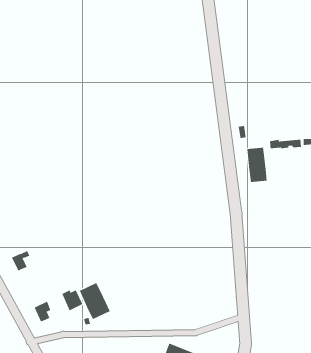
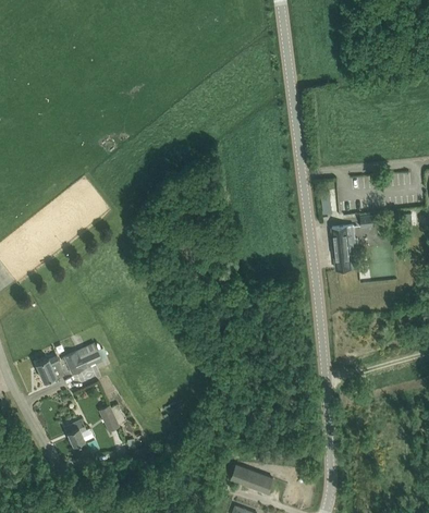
building: none -> [64,342,102,374]
building: [79,282,110,320] -> none

